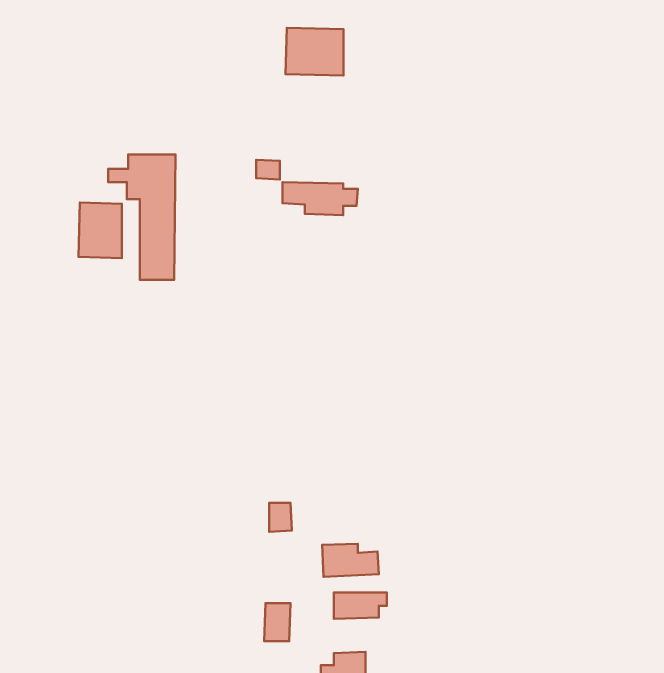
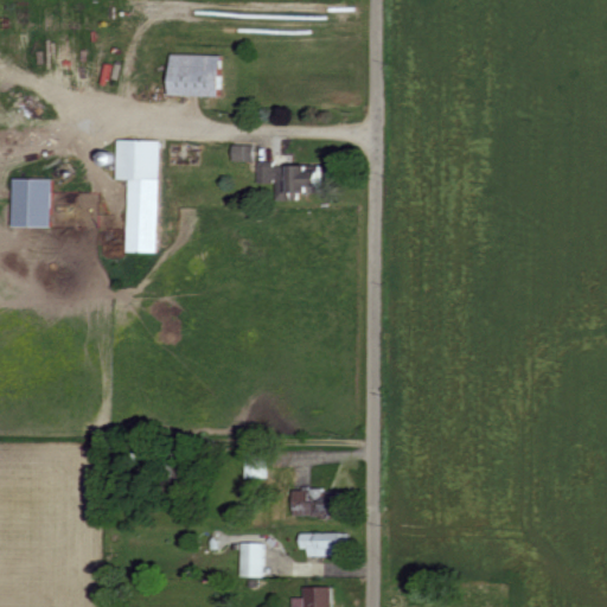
building: [286,28,344,75] -> [168,55,221,97]
building: [78,203,122,258] -> [9,178,49,228]

